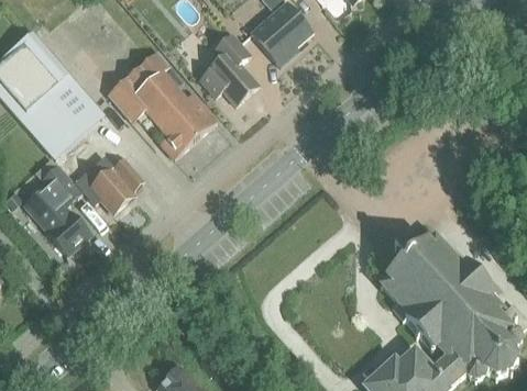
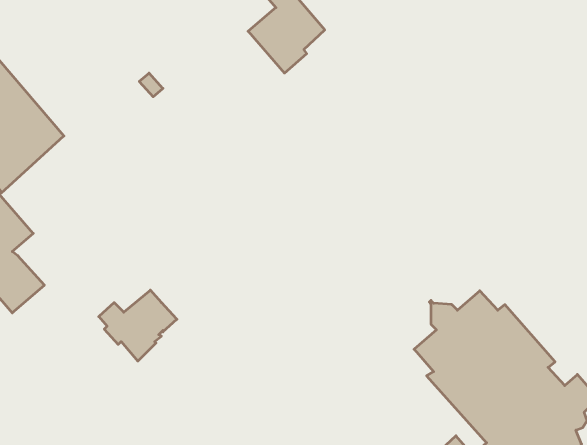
building: [199,34,259,104] -> none
building: [108,51,217,158] -> none
building: [83,157,144,213] -> [99,290,177,361]

